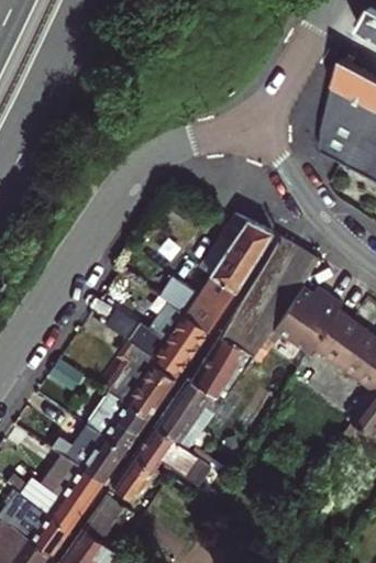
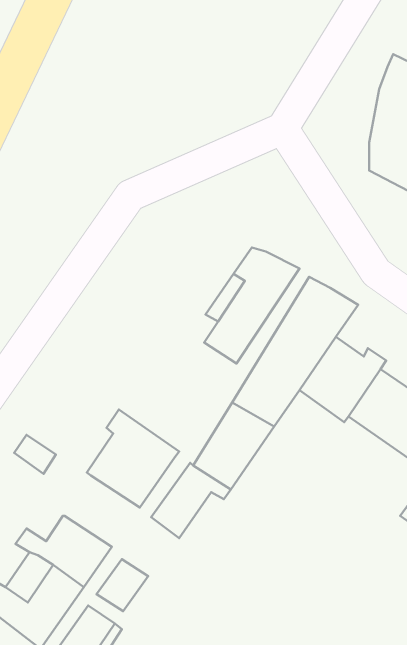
building: [126,277,222,376] -> none
building: [87,395,146,451] -> none
building: [132,428,197,479] -> none

